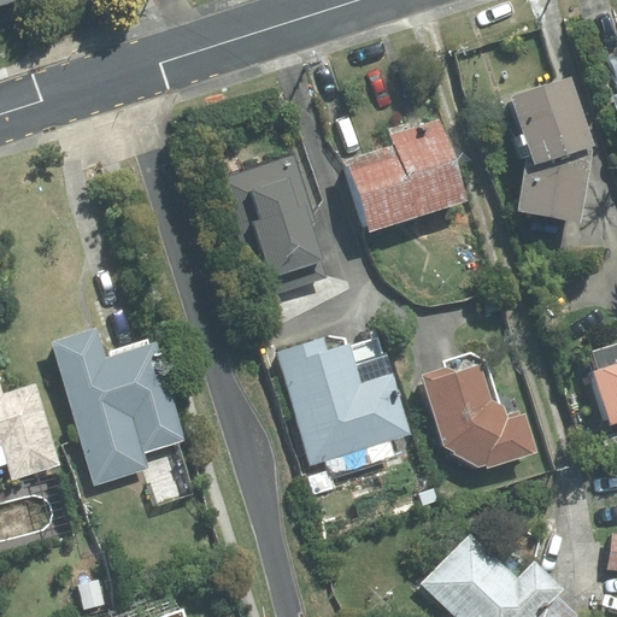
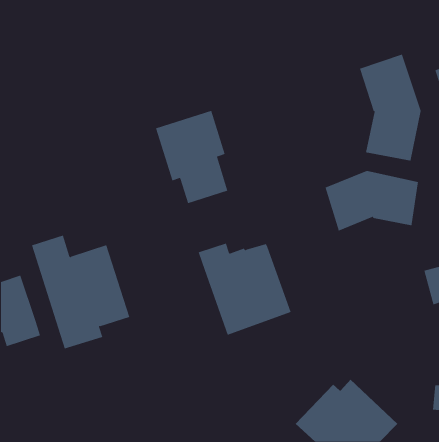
building: [346,119,465,233] -> none
building: none -> [325,170,419,232]
building: [419,362,537,470] -> none

